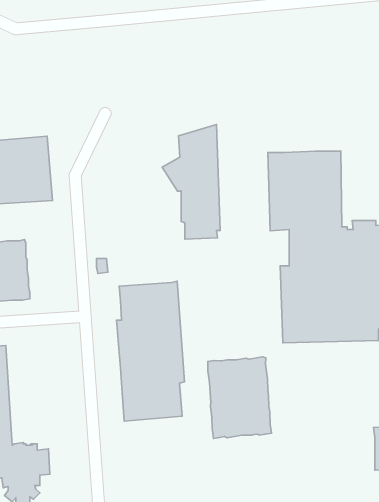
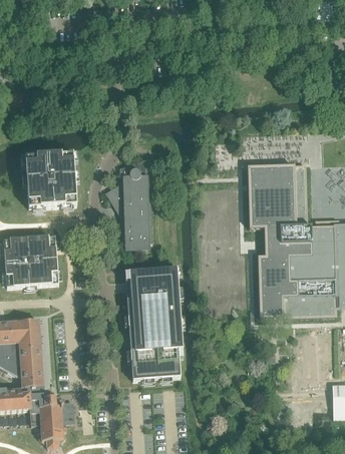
building: [162,124,220,239] -> [106,157,152,249]
building: [208,357,271,439] -> none

